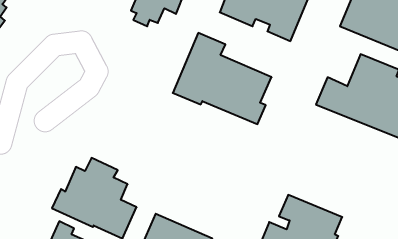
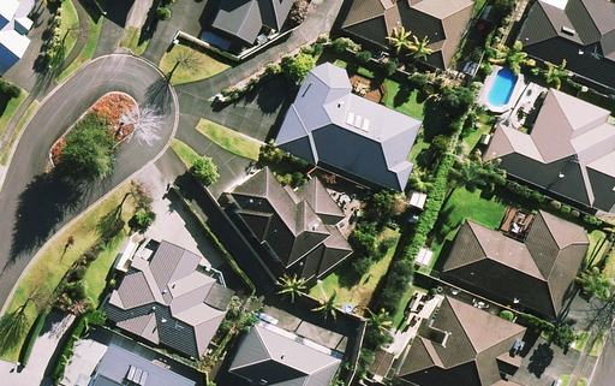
building: none -> [226,165,353,284]
building: none -> [447,209,586,316]

